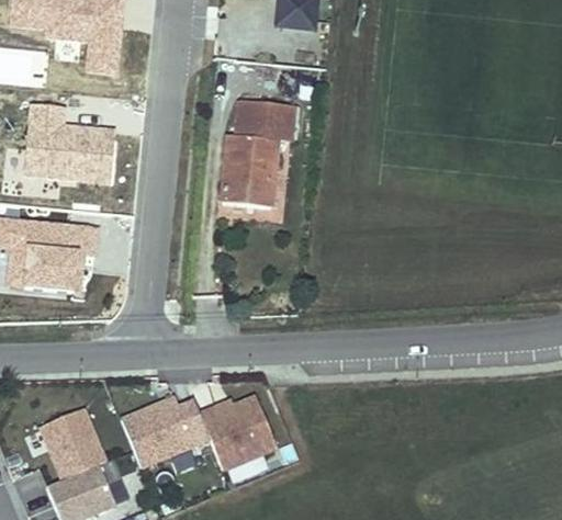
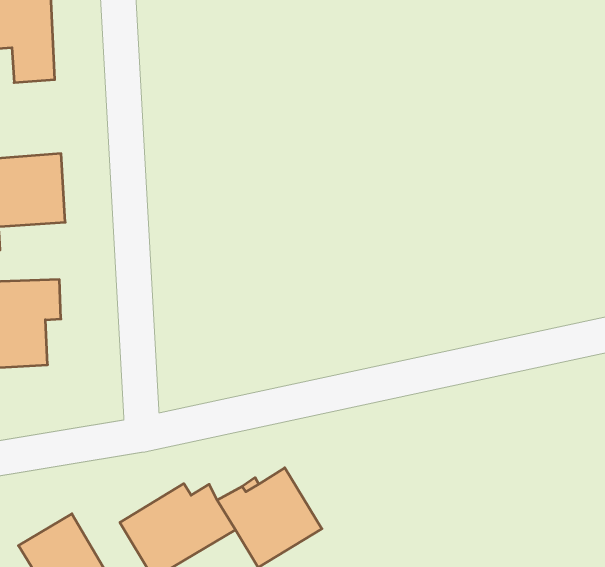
building: [222,101,294,208] -> none

